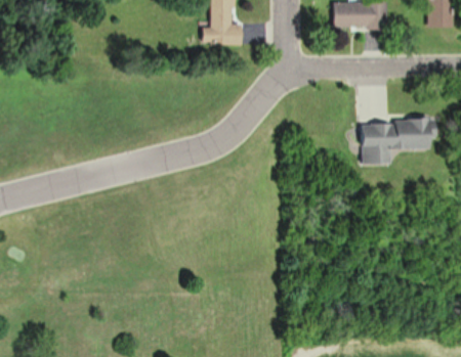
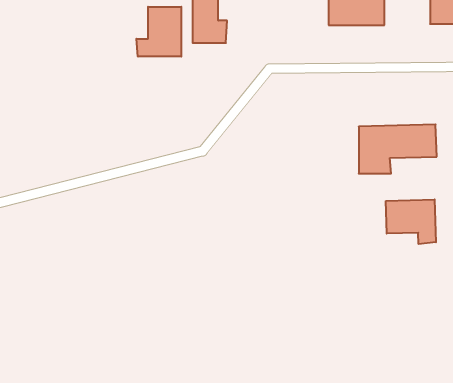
building: none -> [136,7,181,57]
building: none -> [386,199,436,244]

